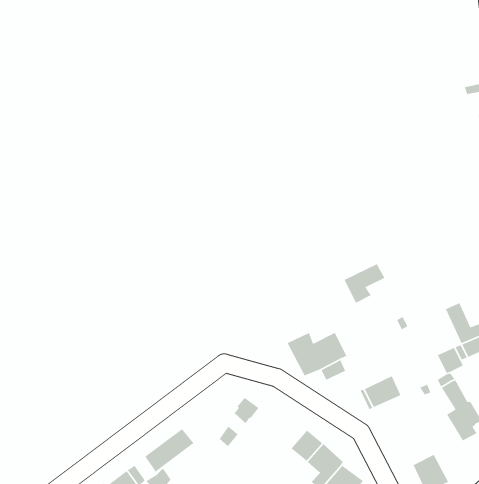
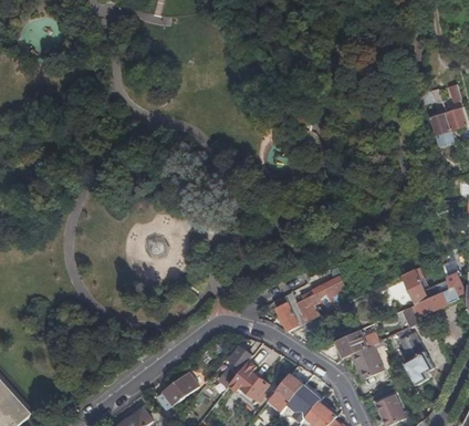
building: [343,263,385,304] -> [313,280,347,313]
building: none -> [350,343,383,376]
building: none -> [230,362,269,401]

